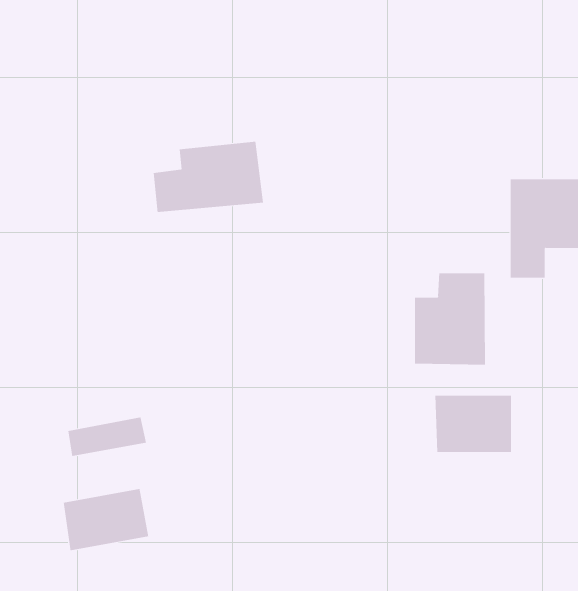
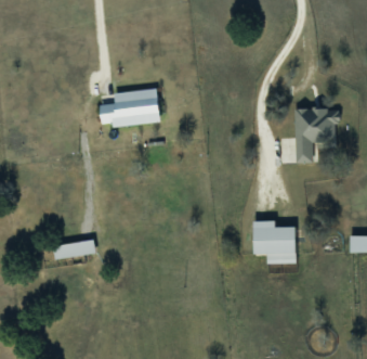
building: [414,272,486,366] -> none
building: [63,488,149,551] -> none

